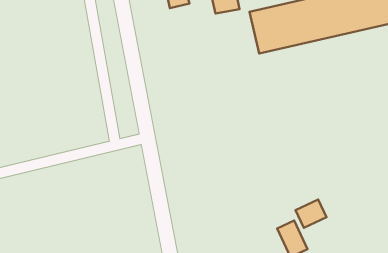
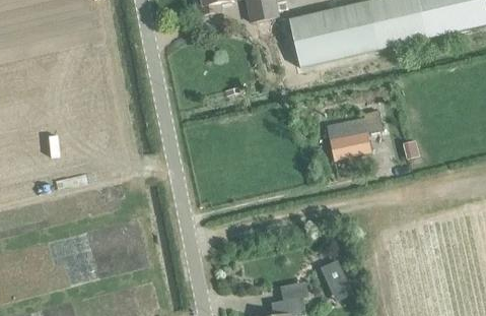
building: none -> [327,109,376,160]
building: [296,200,326,228] -> none

